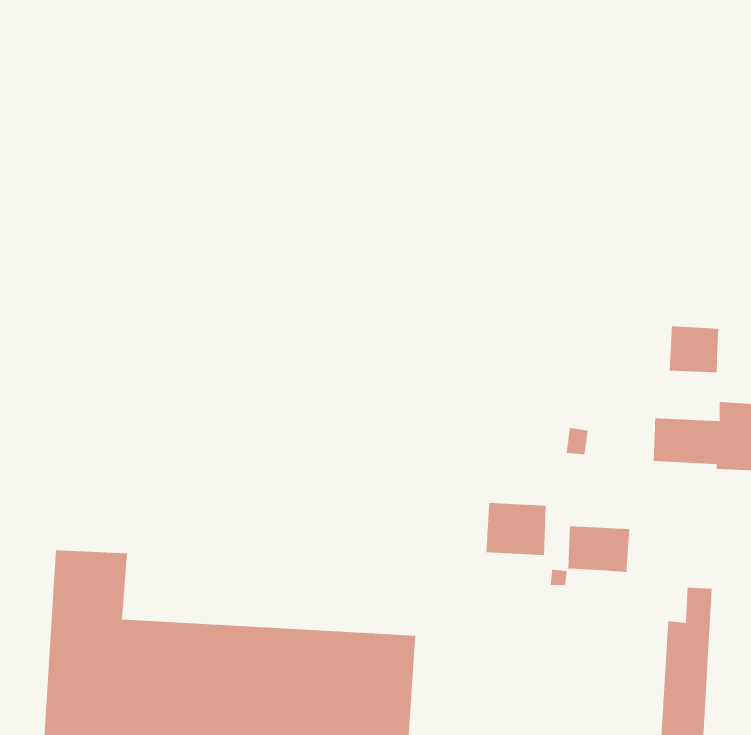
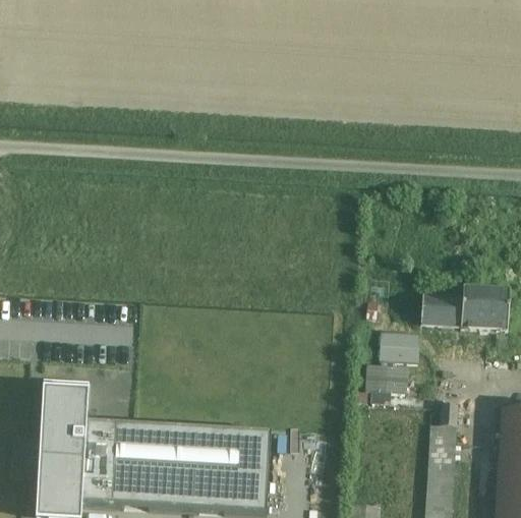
building: [669,325,719,373] -> none
building: [485,502,547,556] -> [380,332,418,365]

